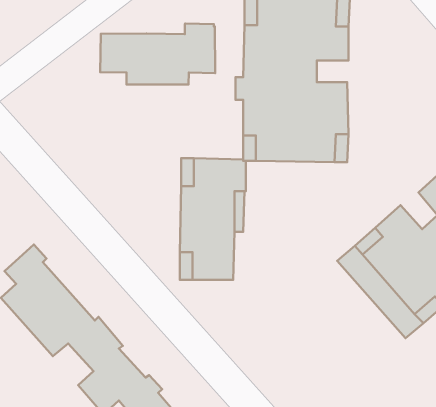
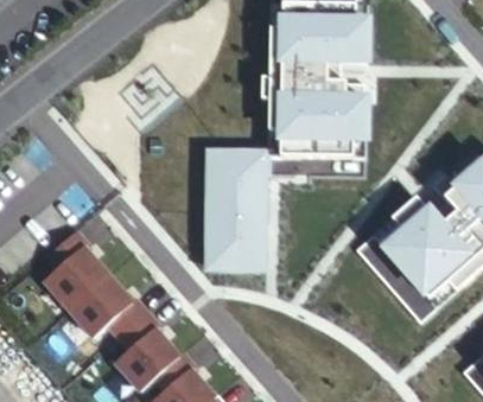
building: [100,23,215,85] -> none

